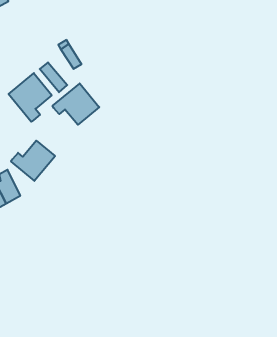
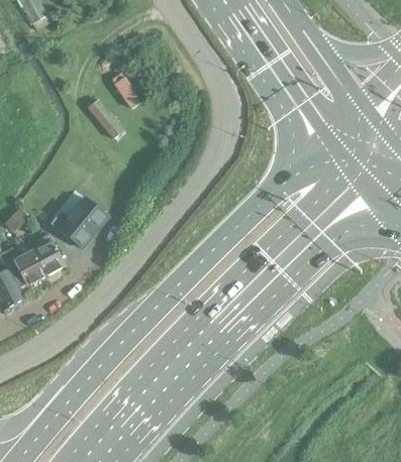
building: [9,73,52,122] -> none
building: [53,83,99,125] -> none

